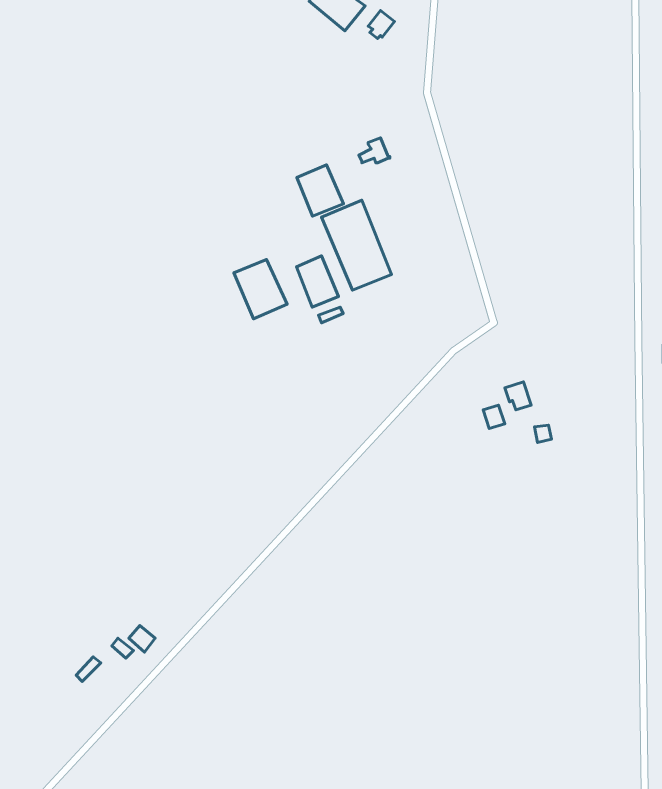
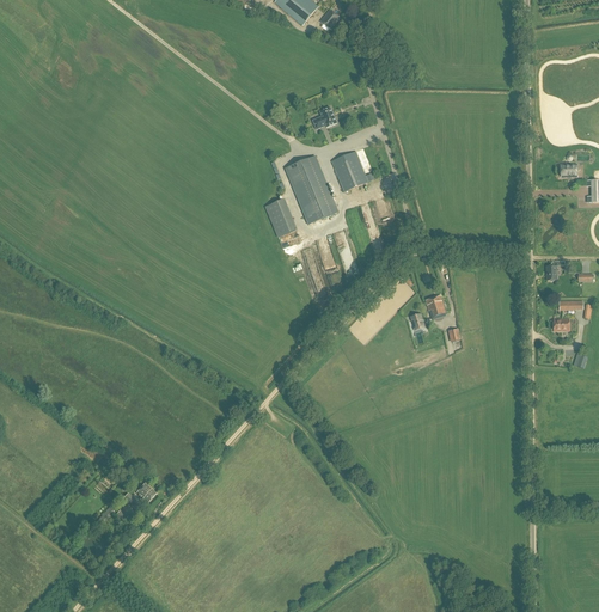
building: [297,165,343,216] -> [331,151,367,190]
building: [234,260,287,319] -> none

